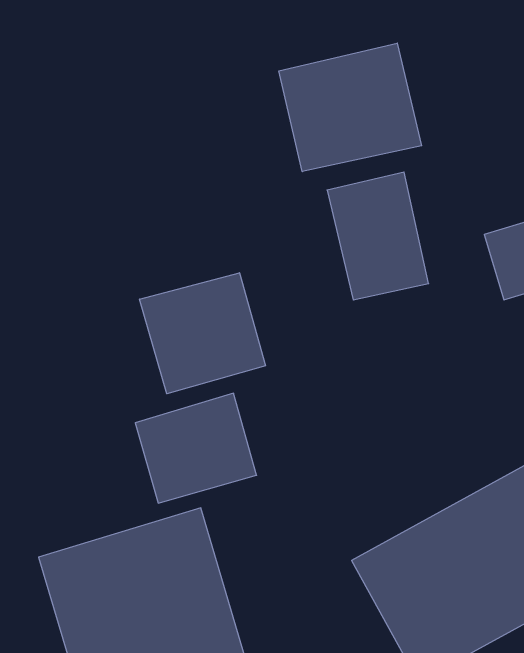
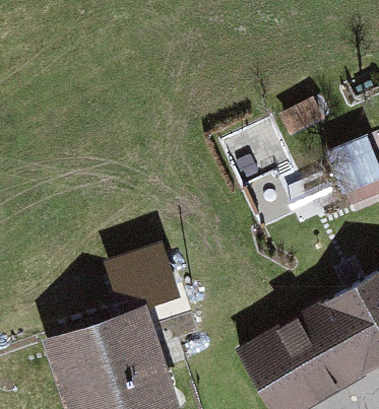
building: [279,43,422,172] -> none
building: [140,273,266,394] -> none

